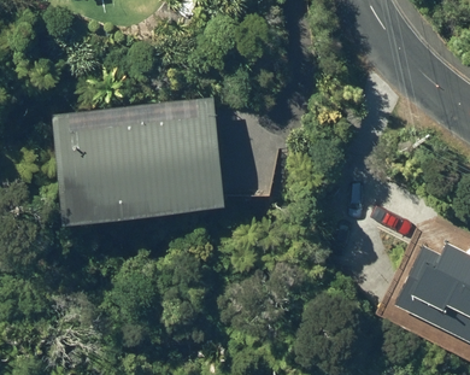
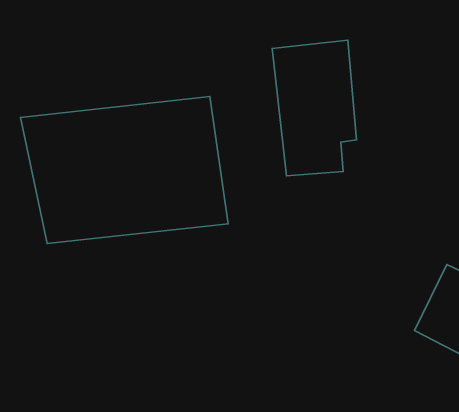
building: none -> [272,40,357,176]

